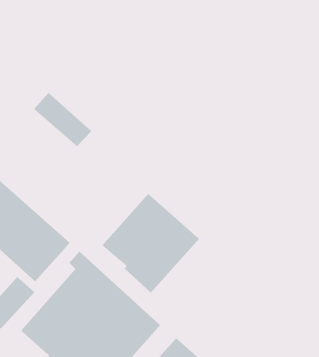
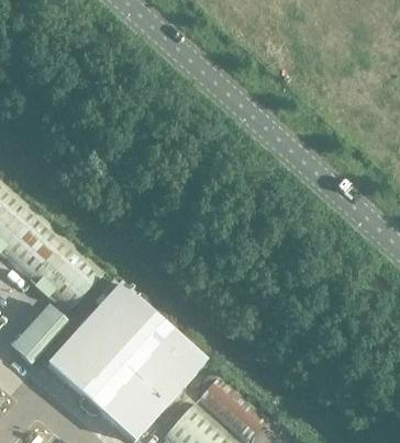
building: [33,92,92,147] -> none
building: [101,193,200,294] -> none

